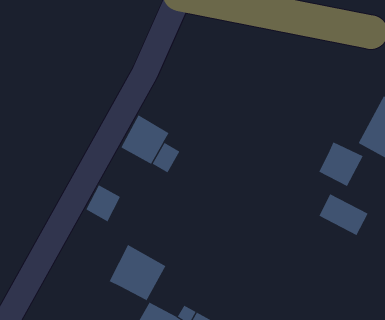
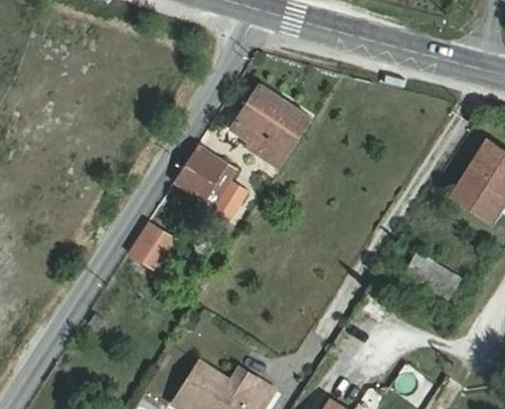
building: none -> [230,84,310,167]
building: [318,141,364,187] -> none
building: [109,244,166,301] -> none

